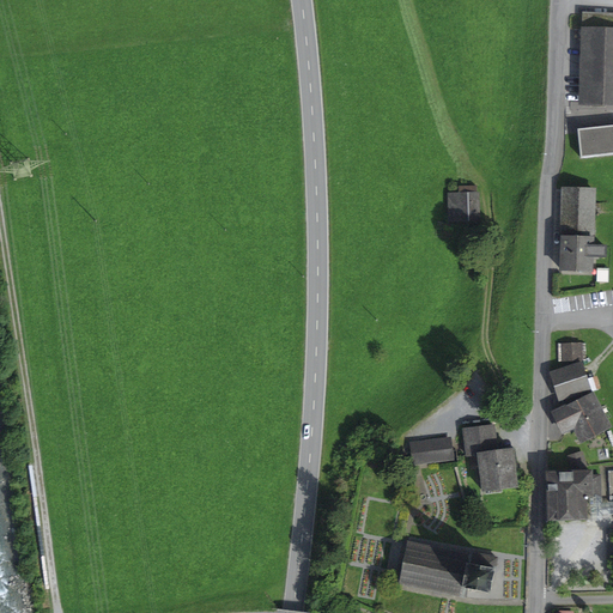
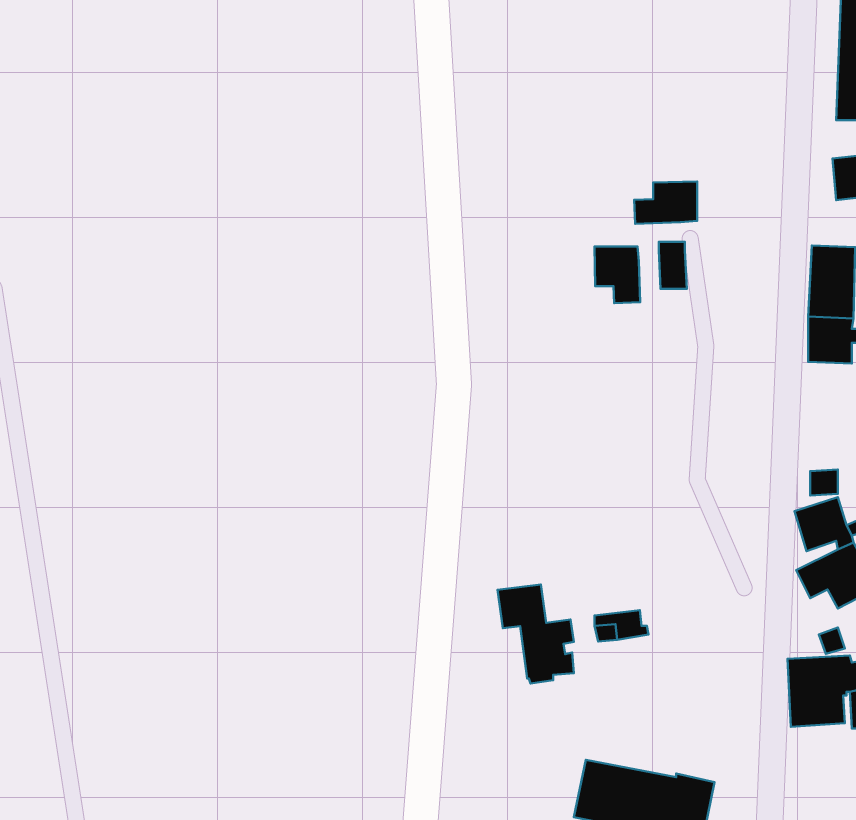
building: none -> [634,181,697,224]
building: none -> [594,246,640,303]
building: [462,425,515,493] -> [497,585,574,684]

